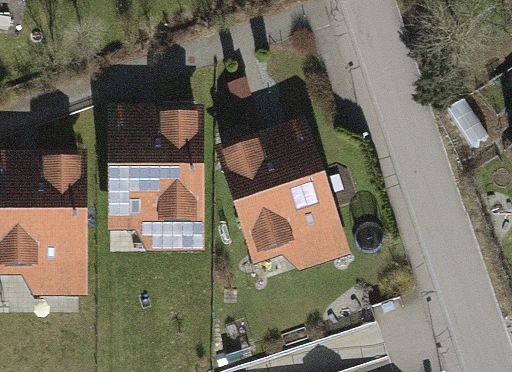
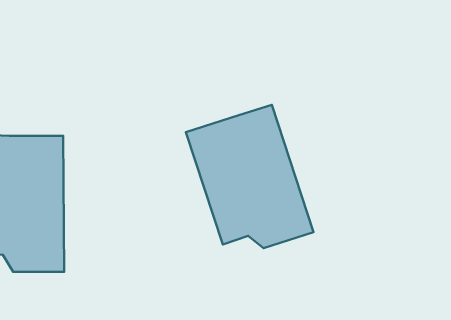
building: [108,105,203,250] -> none

